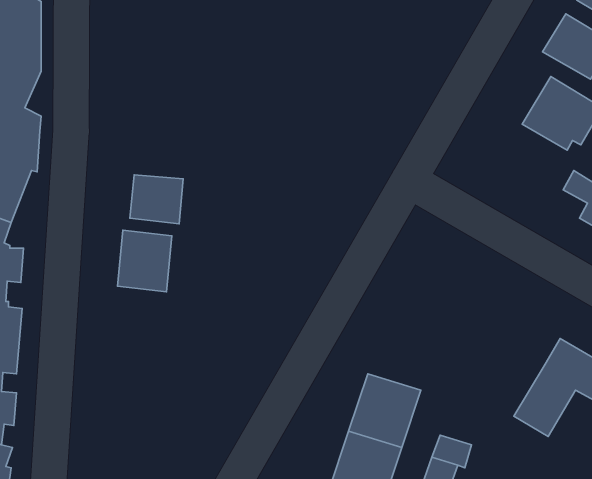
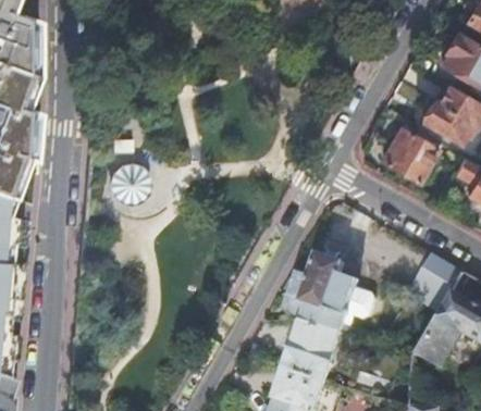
building: none -> [382,123,440,185]
building: [118,230,172,292] -> none
building: none -> [286,246,378,345]
building: none -> [409,253,464,312]

